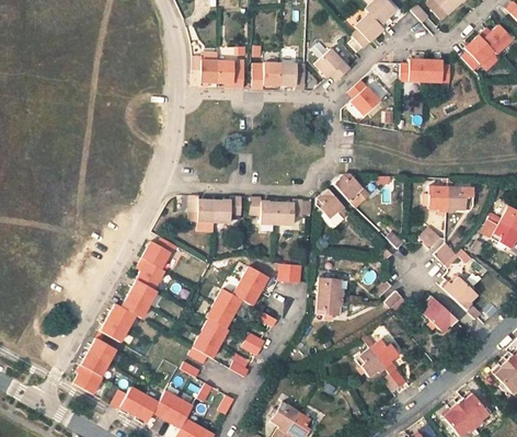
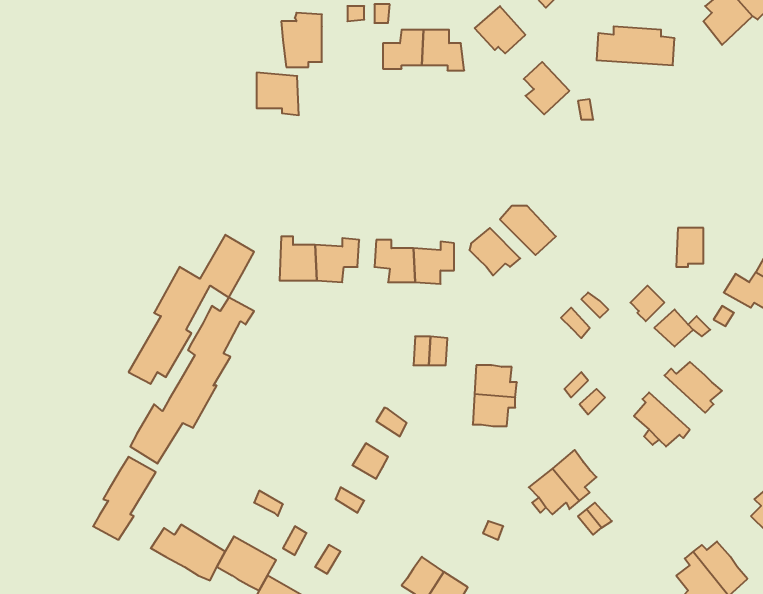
building: [219,60,246,88] -> [257,73,299,115]
building: [430,189,449,216] -> none
building: [185,265,266,361] -> [129,235,254,384]

